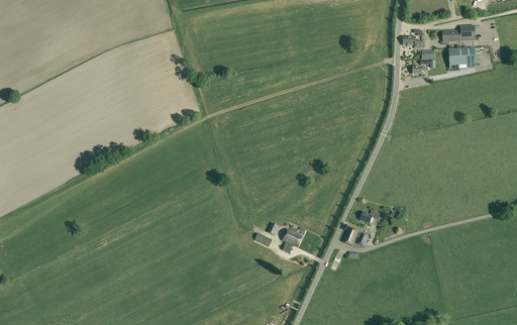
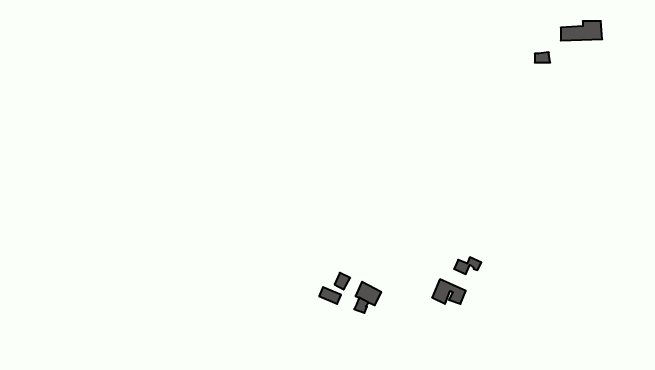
building: [449,47,475,67] -> none

